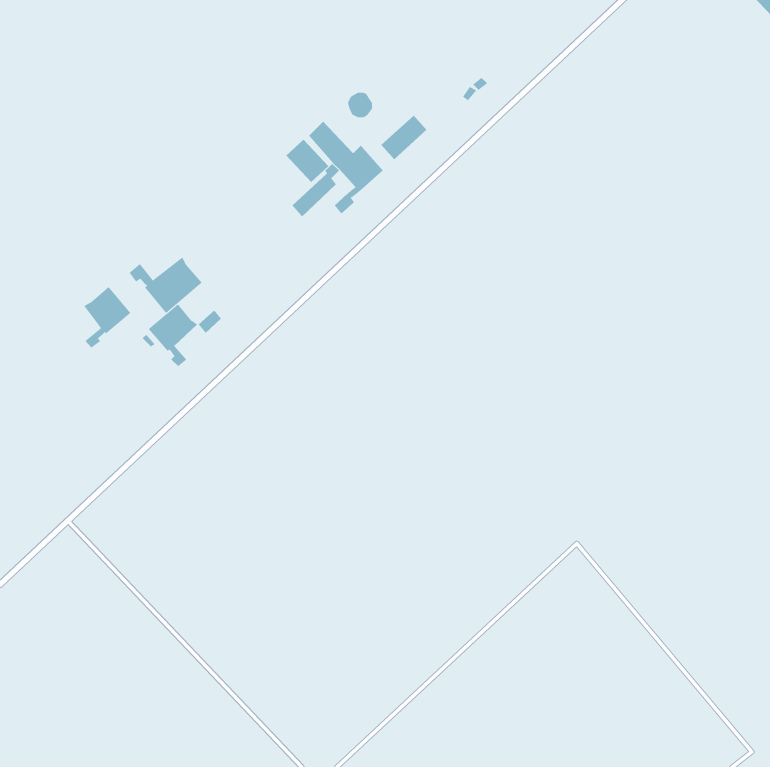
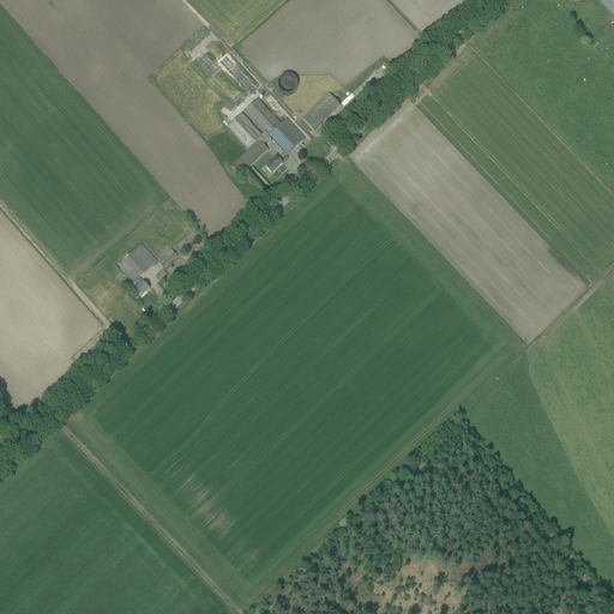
building: [129,257,203,314] -> none
building: [83,286,131,349] -> none

